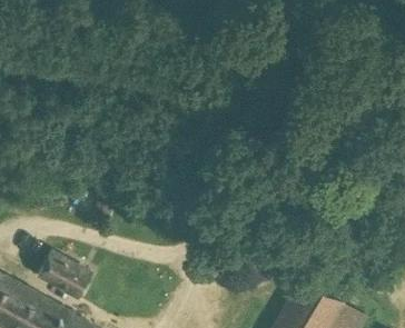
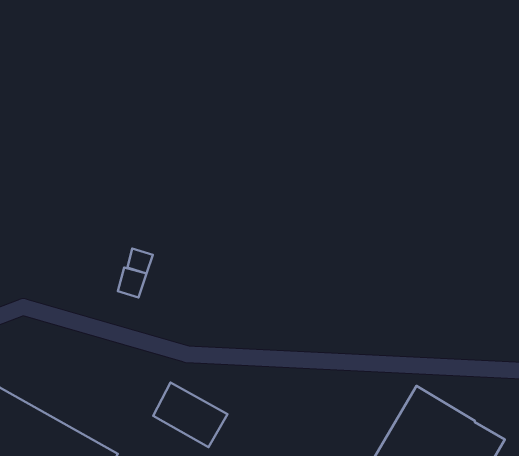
building: [38,251,90,297] -> [153,382,227,447]

